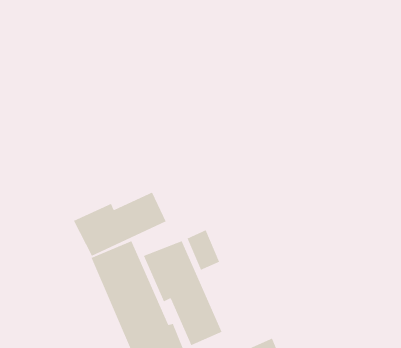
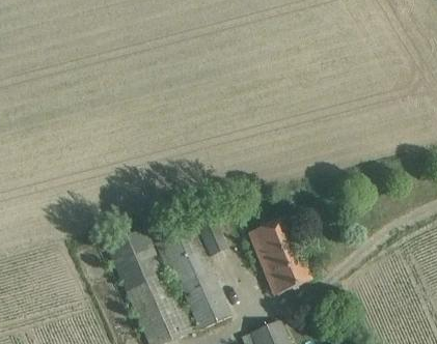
building: [73,191,167,257] -> none
building: none -> [250,219,310,295]

